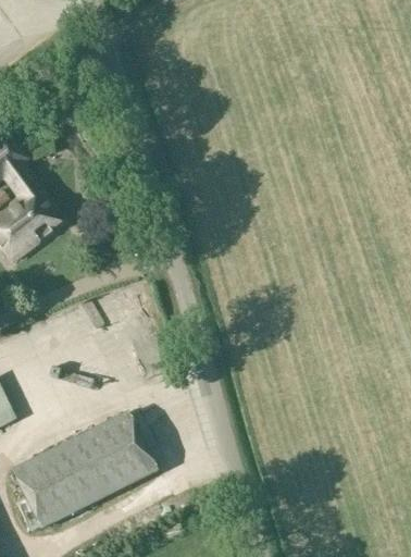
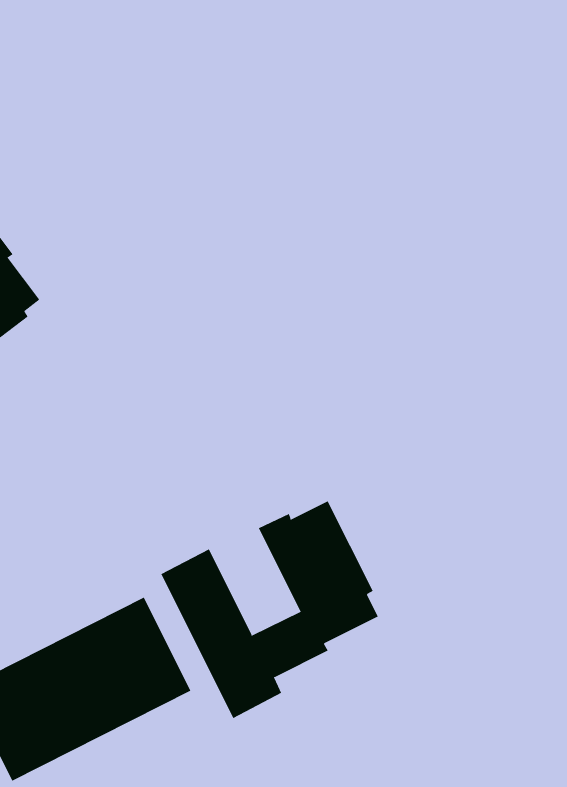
building: none -> [161,501,379,719]

